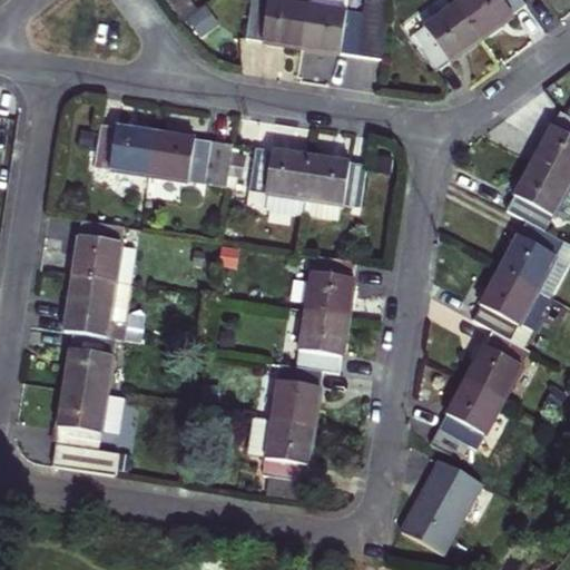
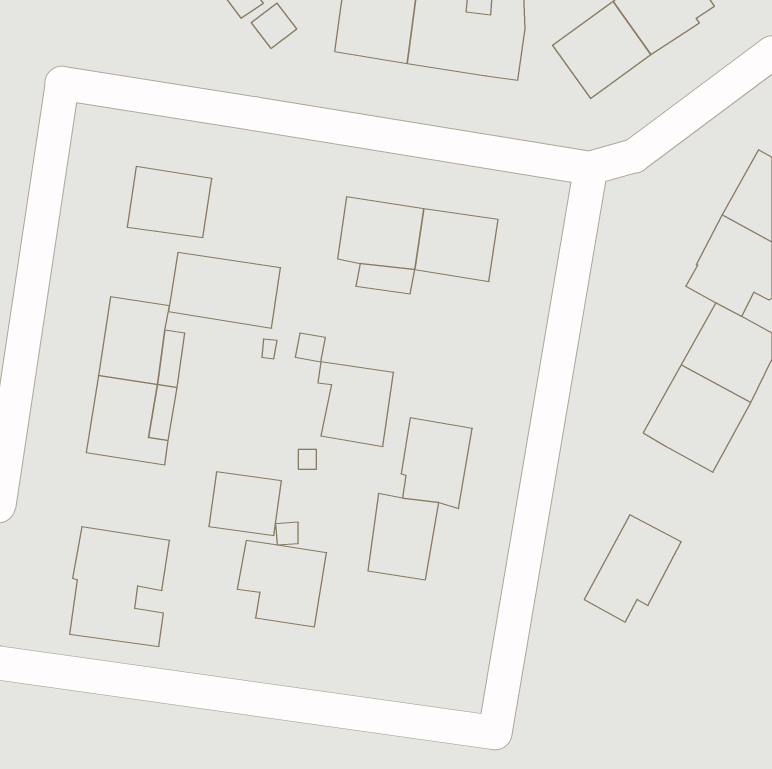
building: [149,131,232,187] -> [169,253,281,328]
building: [299,253,355,315] -> [318,362,394,447]
building: [463,328,529,399] -> none
building: [60,347,114,394] -> [209,472,281,535]
building: [247,417,313,481] -> [237,541,327,627]
building: [399,459,482,552] -> none

